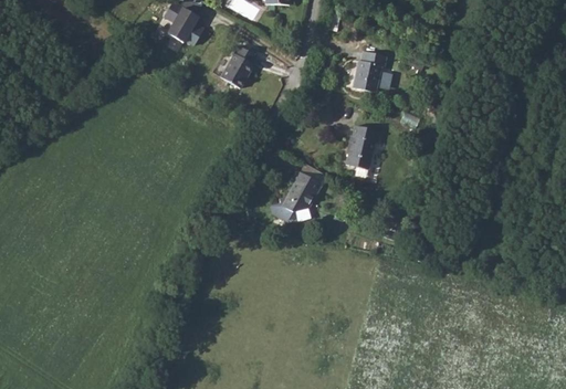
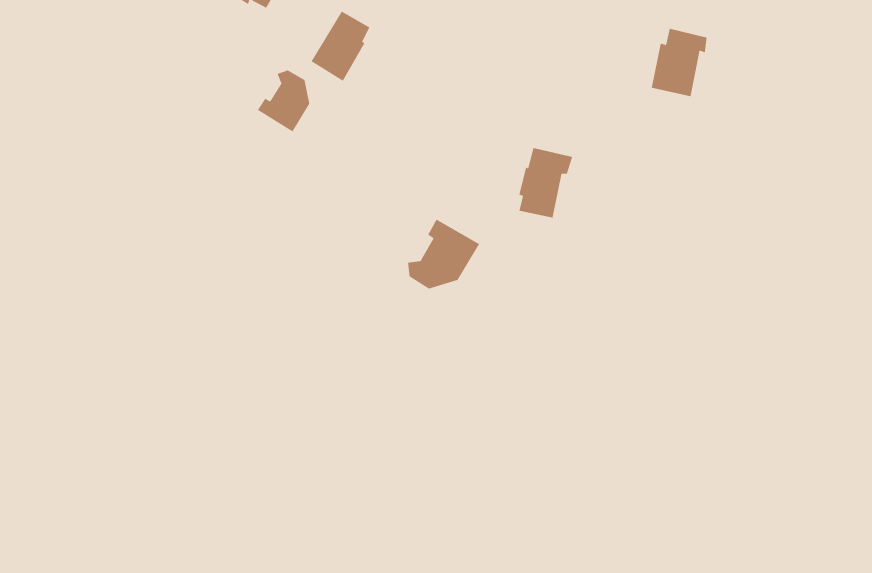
building: [352,53,386,95] -> [651,28,707,97]
building: none -> [257,70,310,133]

